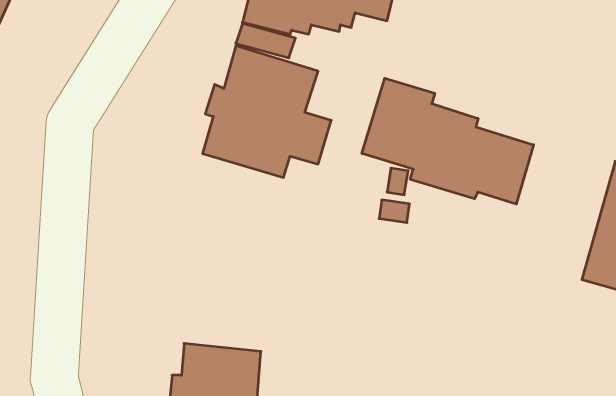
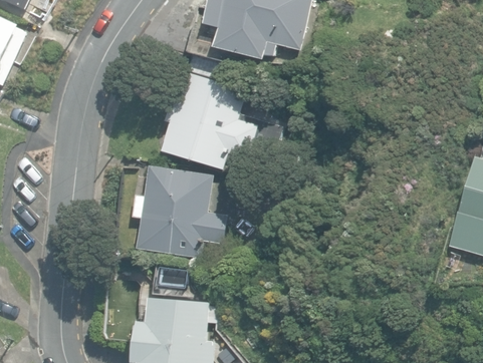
building: [362,78,534,204] -> none
building: none -> [132,166,228,258]

